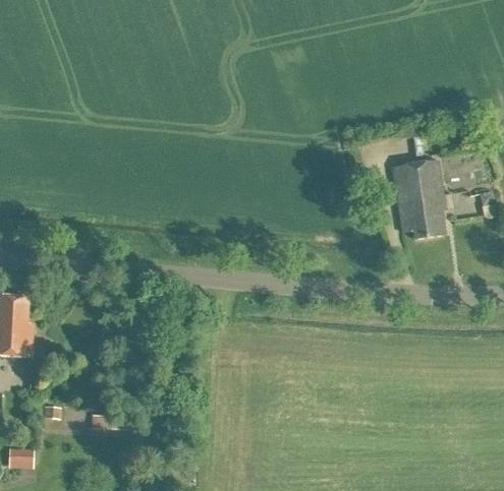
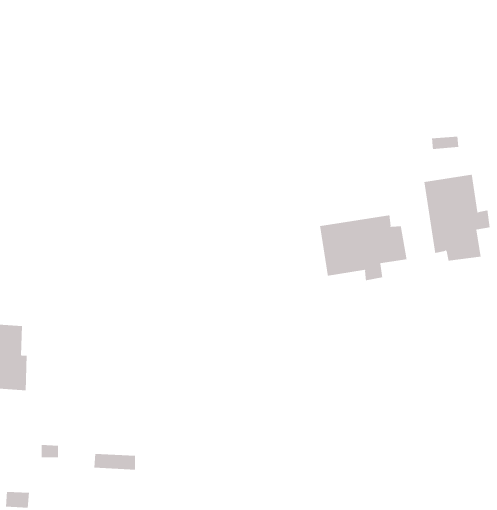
building: none -> [320,215,407,281]

